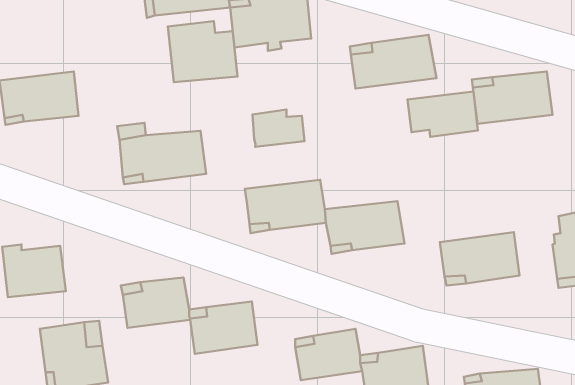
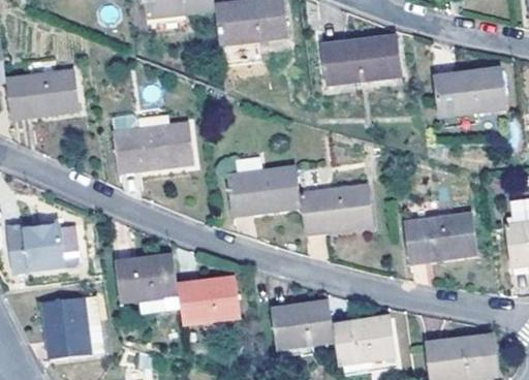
building: [168,21,238,82] -> none
building: [408,92,478,137] -> none
building: [253,110,305,147] -> none

